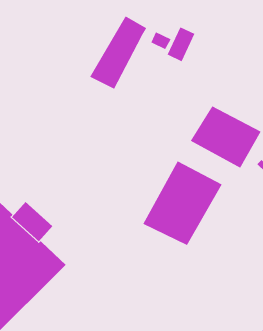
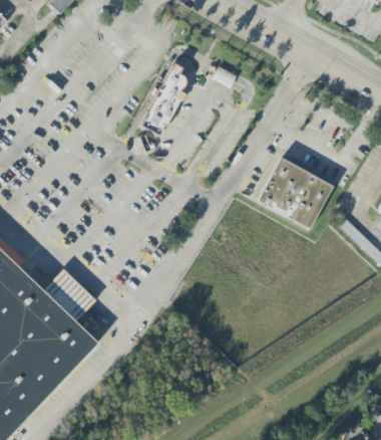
building: [167,26,195,62] -> none
building: [142,160,223,246] -> none

